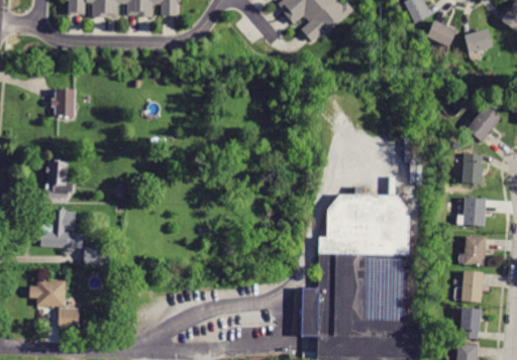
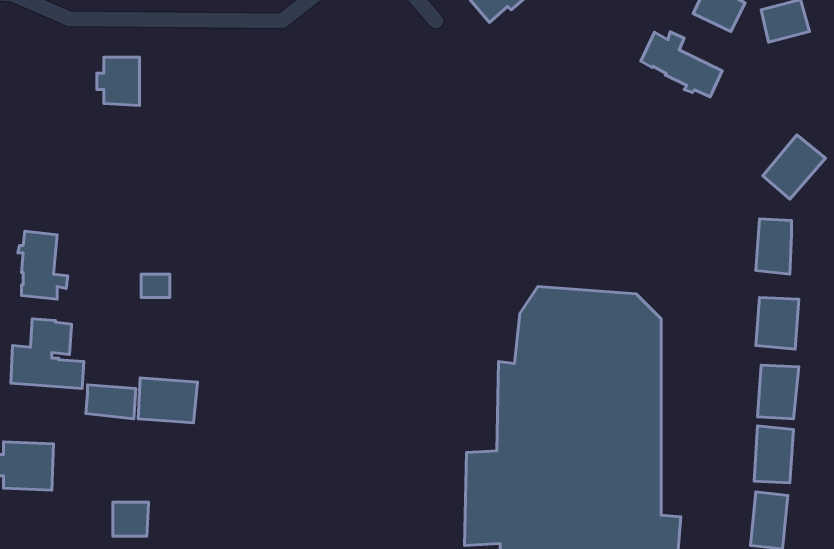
building: none -> [641,32,722,97]
building: [50,90,75,117] -> [97,57,140,105]
building: none -> [138,378,198,423]
building: [58,309,78,328] -> [113,502,149,536]

